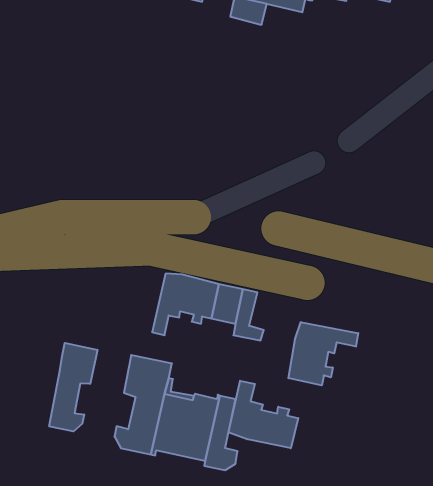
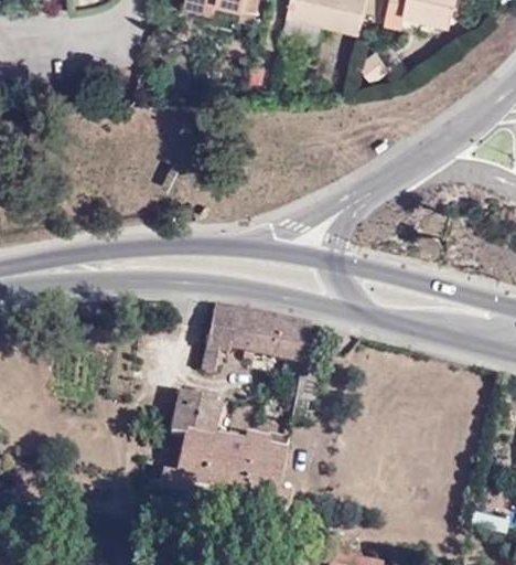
building: [288,322,358,385] -> none
building: [49,343,97,431] -> none
building: [228,381,298,448] -> none

